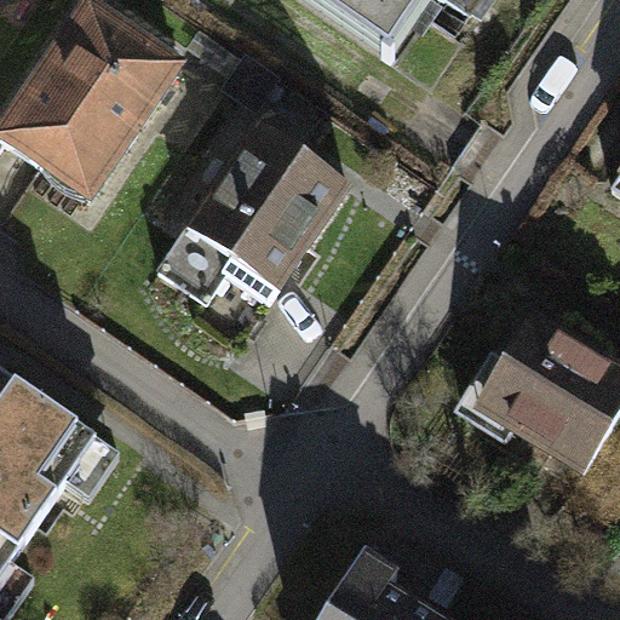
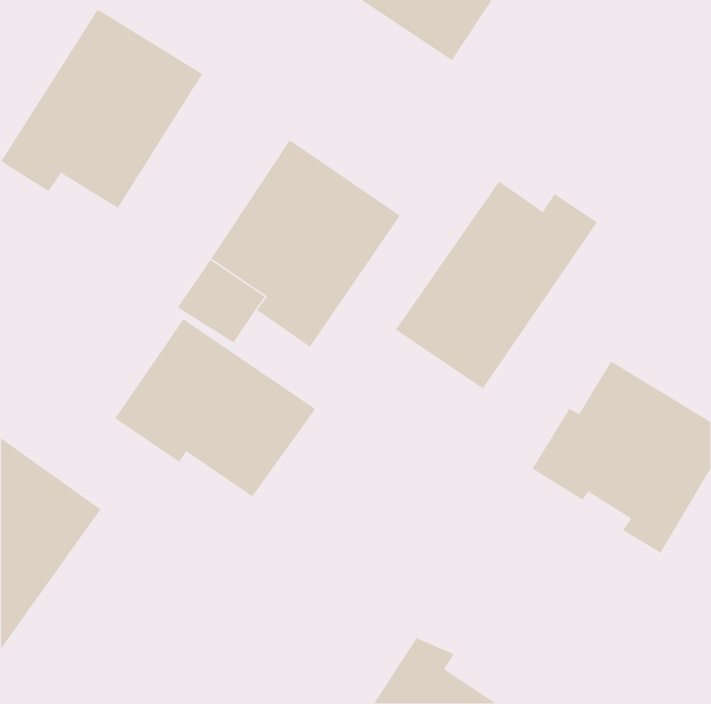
building: none -> [395,181,598,390]
building: none -> [114,318,316,498]

